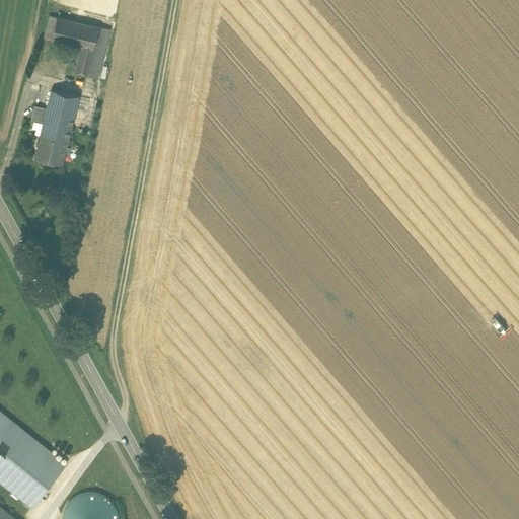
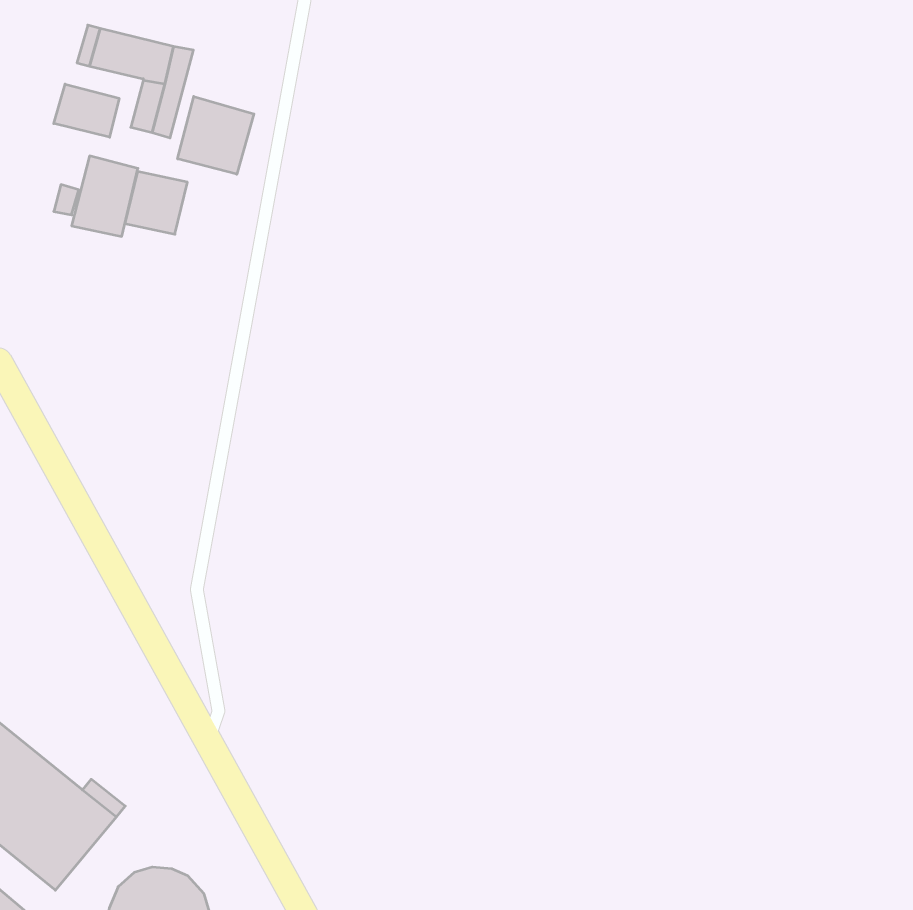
building: none -> [54,84,119,137]
building: none -> [178,96,254,174]
building: [33,131,69,166] -> [125,171,187,234]

